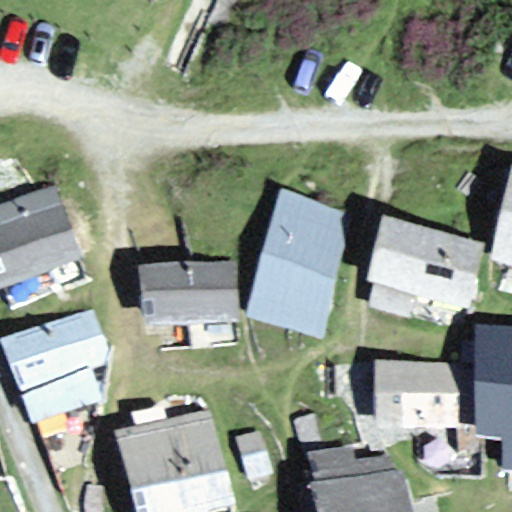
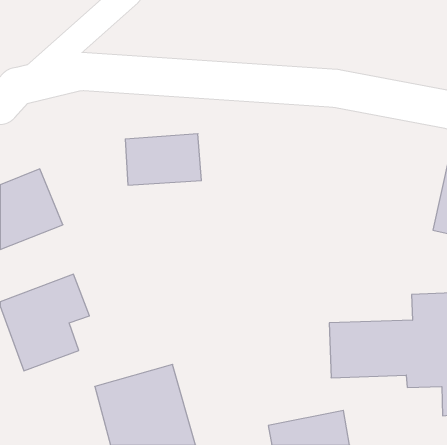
building: [253,195,349,325] -> none
building: [367,226,479,306] -> none
building: [146,263,232,321] -> [125,134,201,185]

